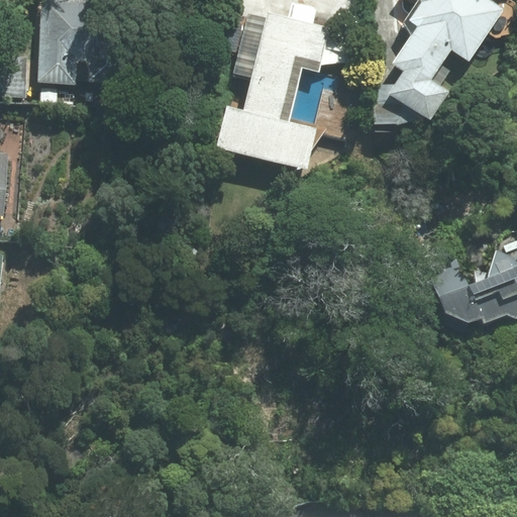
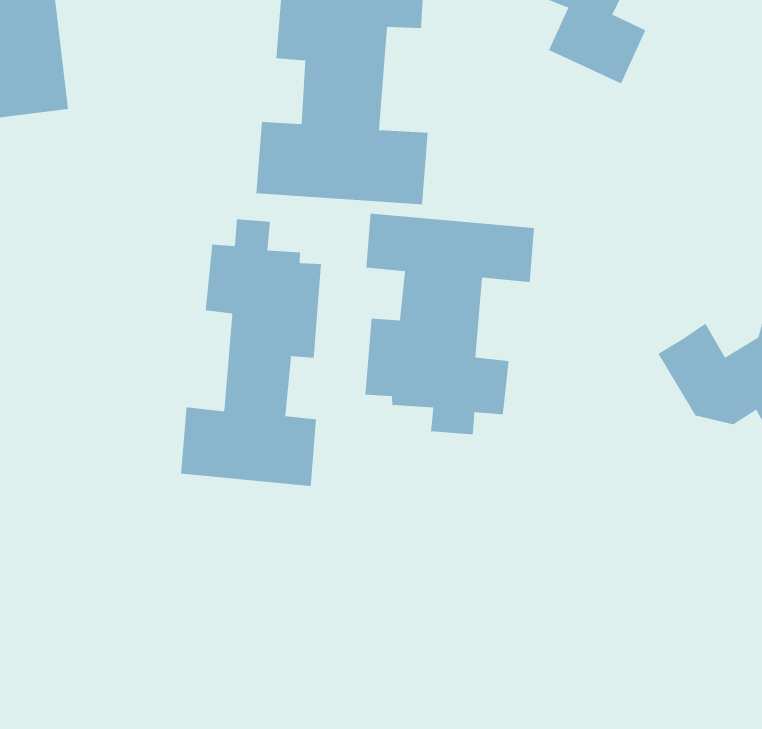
building: none -> [181,218,322,487]
building: none -> [365,213,534,435]

